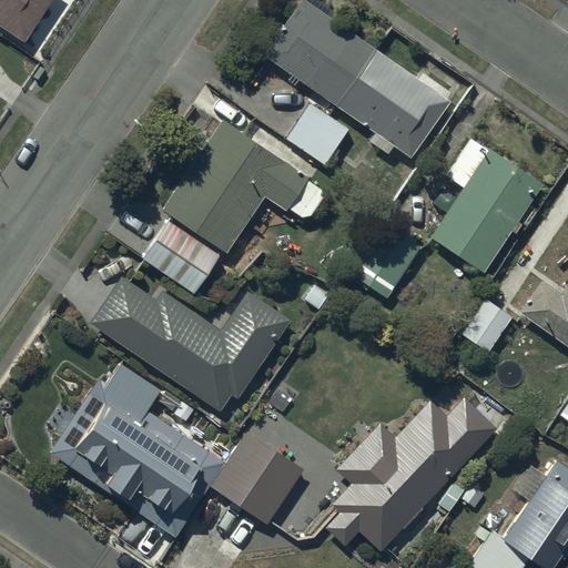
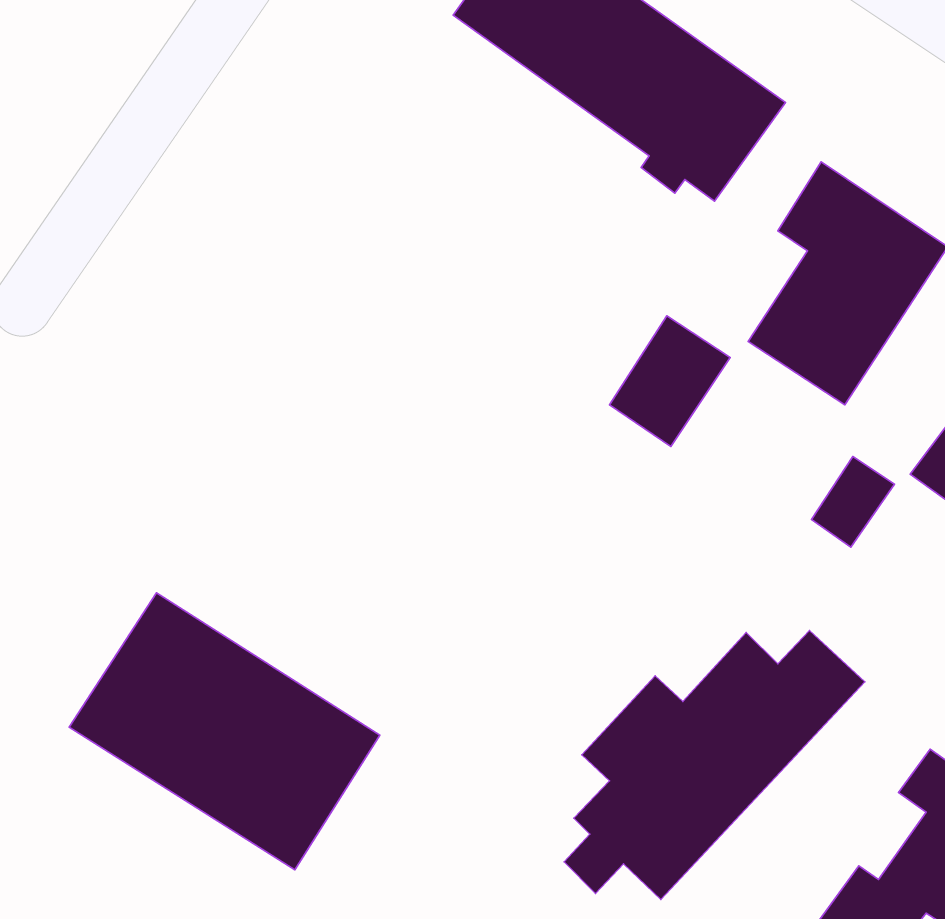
building: [287,103,349,165] -> none
building: [142,121,323,293] -> none
building: [91,277,292,412] -> none
building: [211,430,304,524] -> none

